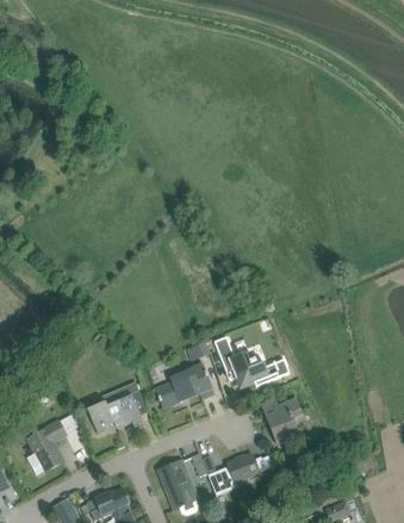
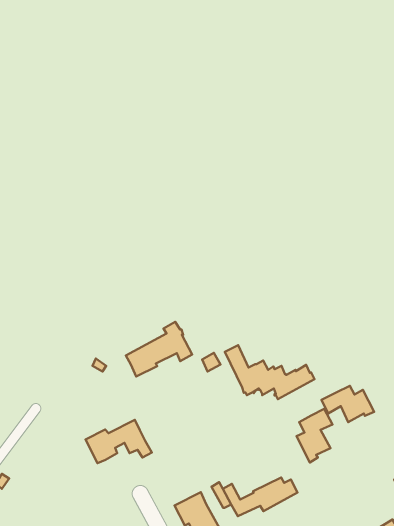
building: [155,363,212,407] -> [126,322,192,376]
building: none -> [322,386,374,422]
building: [26,421,64,471] -> none

